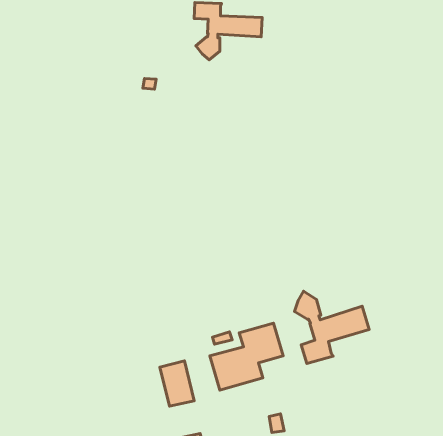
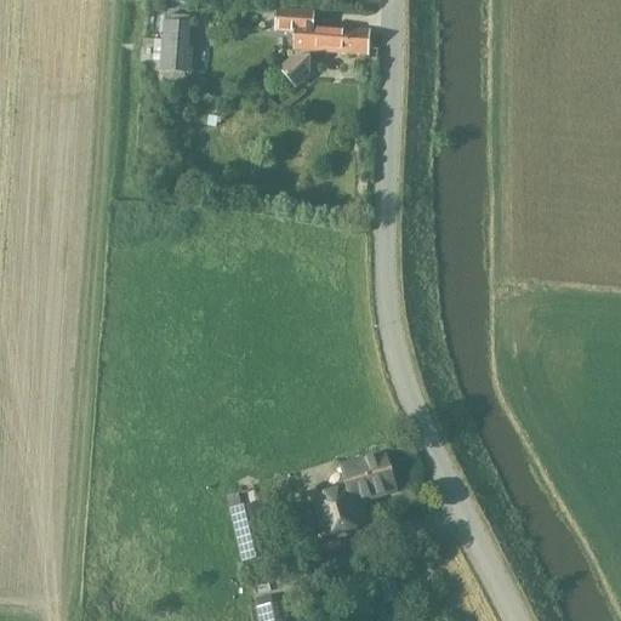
building: none -> [160,18,193,70]
building: [295,291,369,364] -> none

